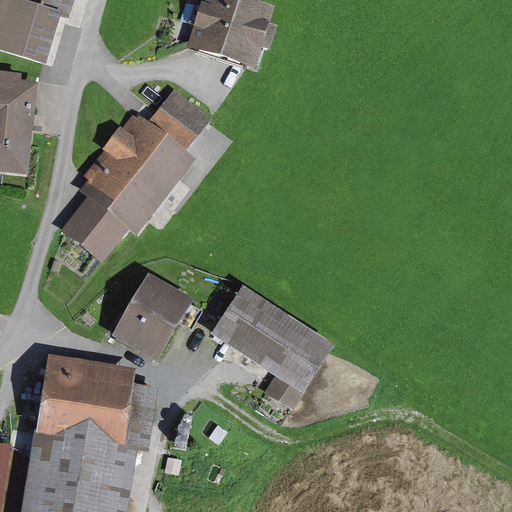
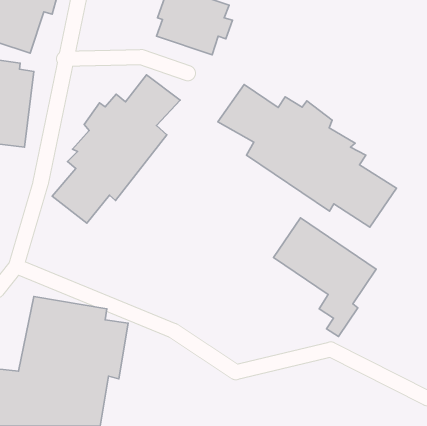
building: none -> [218,85,396,227]
building: [111,272,201,358] -> none
building: [208,282,330,423] -> [274,218,376,337]

